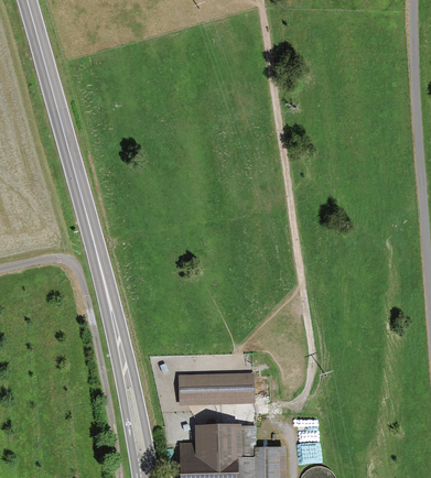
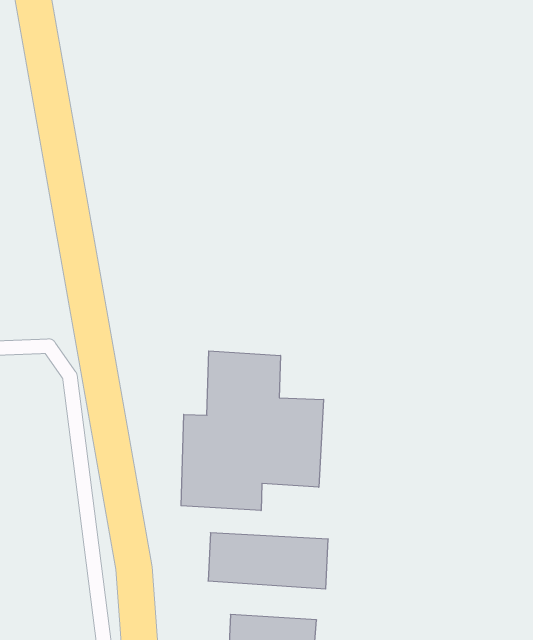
building: none -> [181,351,324,511]

